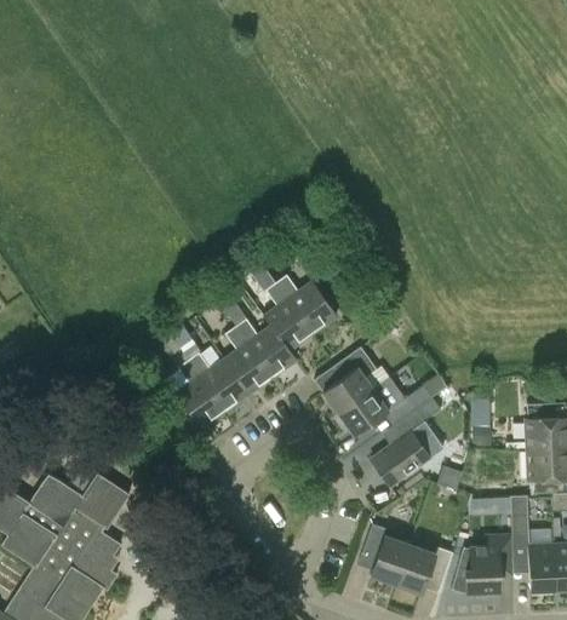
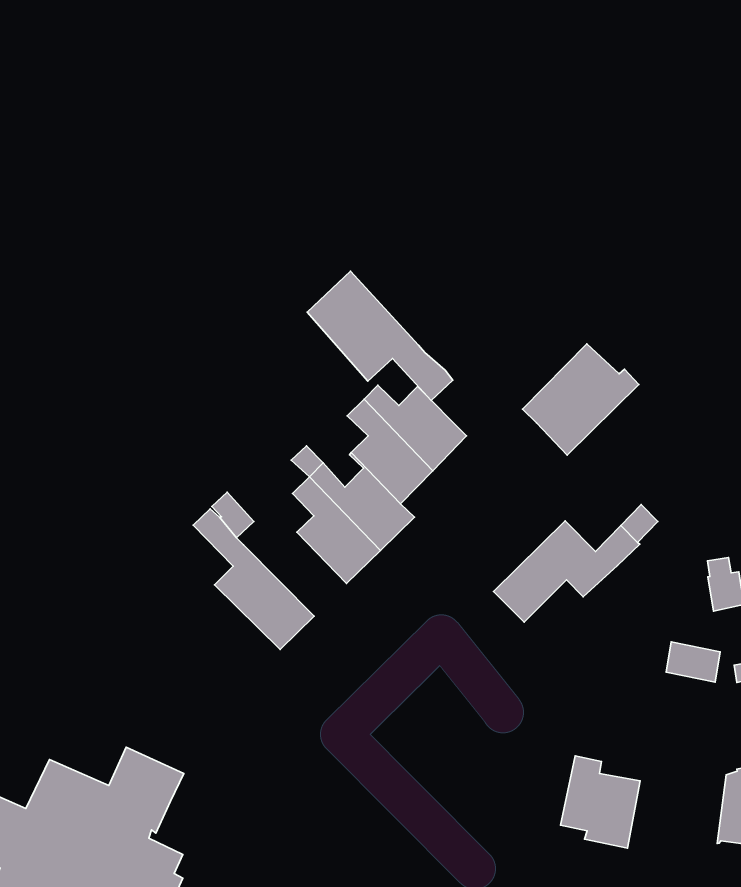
building: none -> [307,271,453,401]
building: [315,346,389,413] -> [522,344,639,455]
building: [189,352,248,411] -> none
building: [371,409,430,486] -> none
building: [395,544,452,592] -> none

